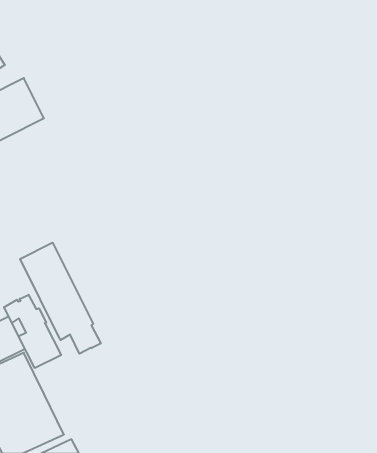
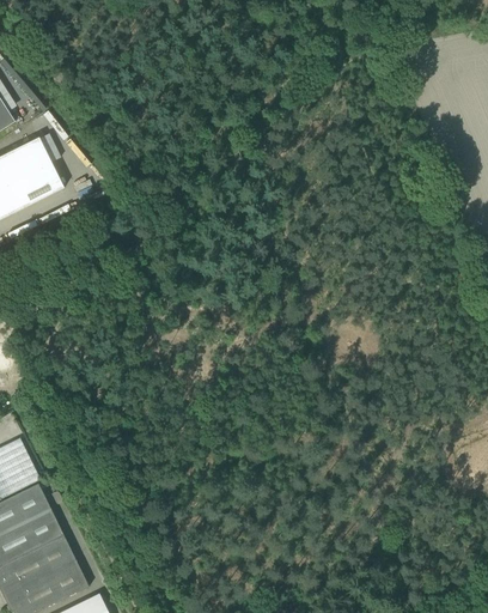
building: [20,243,101,354] -> none
building: [4,295,61,368] -> none

